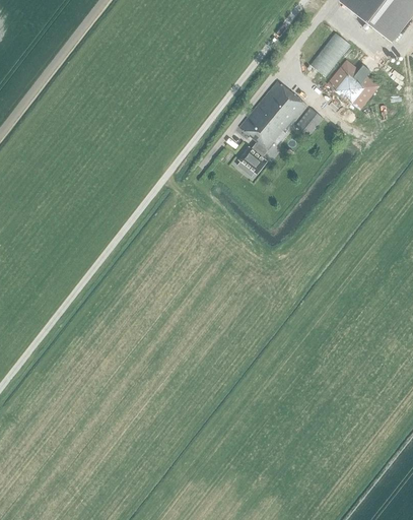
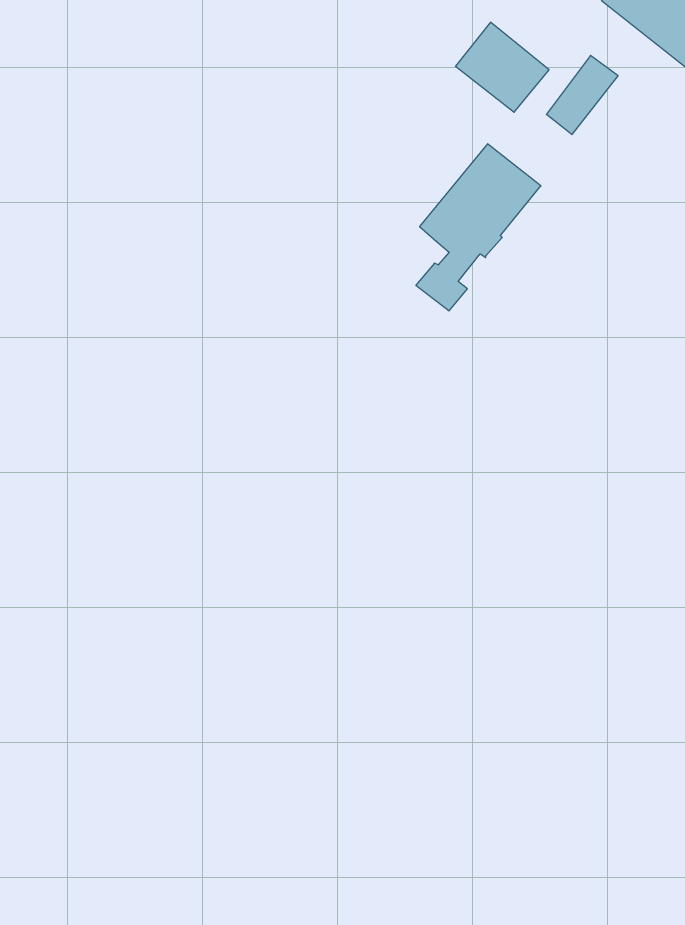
building: [327,59,378,109] -> [455,22,549,112]
building: [295,107,323,135] -> none

